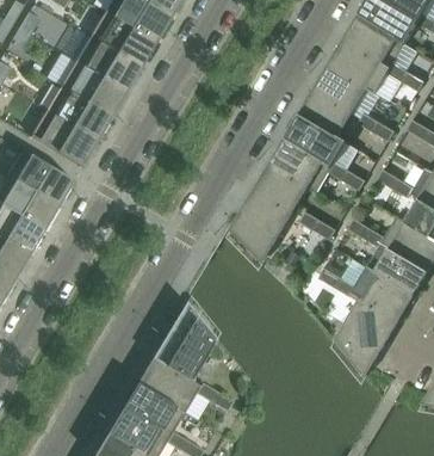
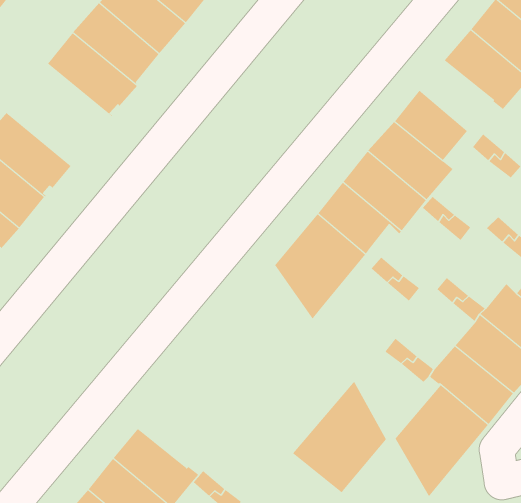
building: [312,64,366,112] -> none
building: [30,111,98,167] -> none
building: [150,302,216,383] -> [292,381,387,493]

